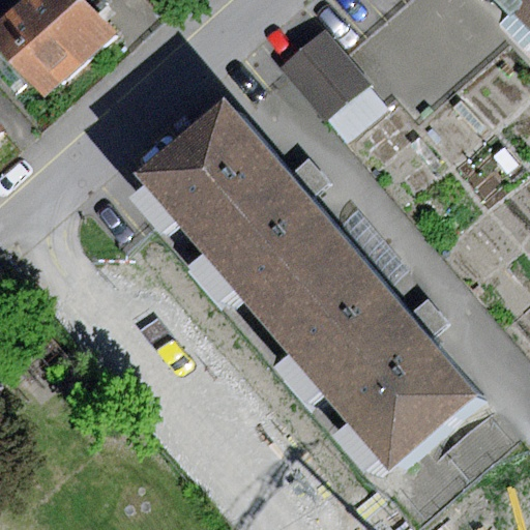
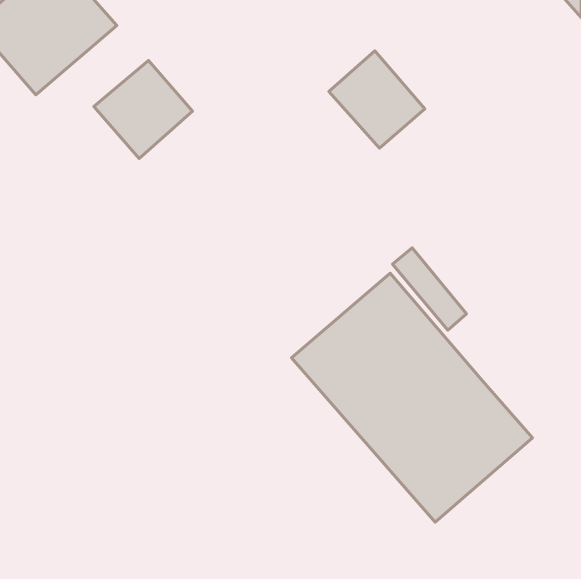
building: none -> [94,61,192,158]
building: [145,111,349,320] -> none

